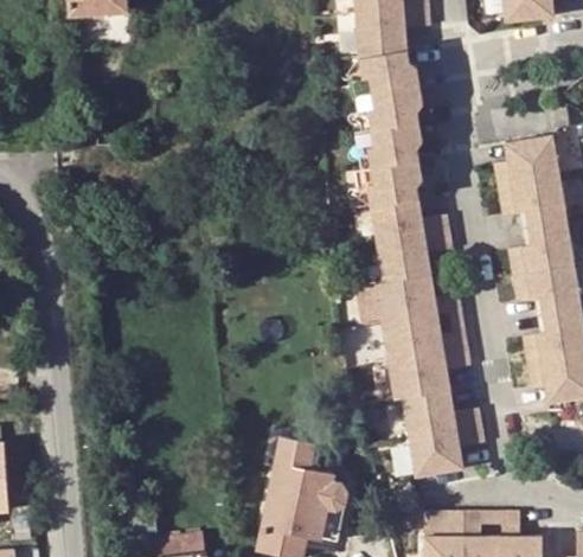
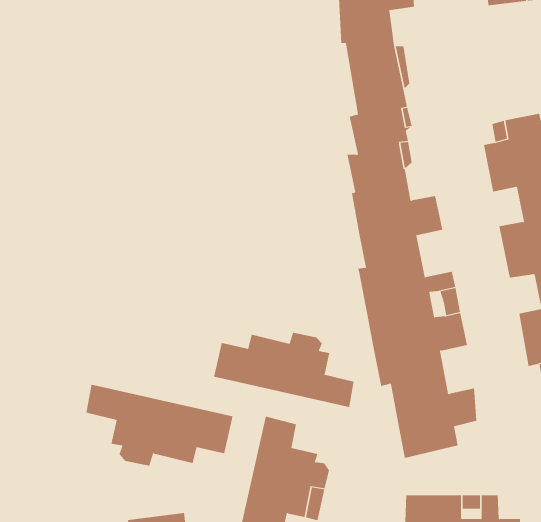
building: none -> [213,332,354,408]
building: none -> [86,384,233,467]

